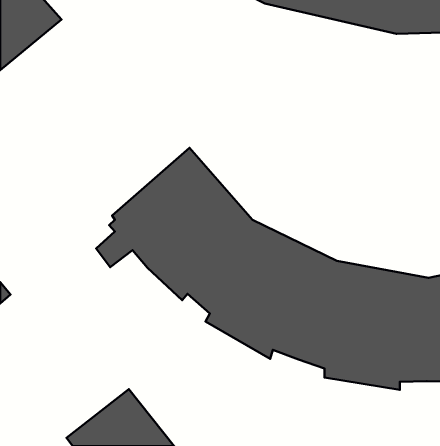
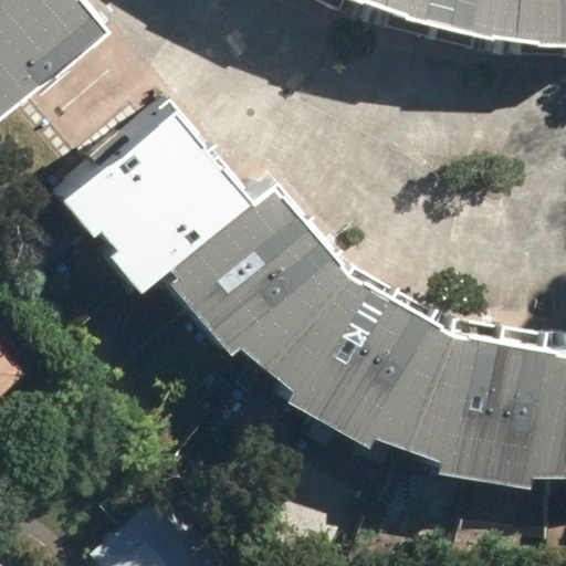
building: none -> [46,102,234,287]

